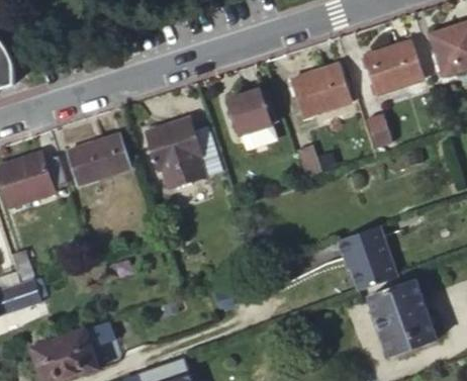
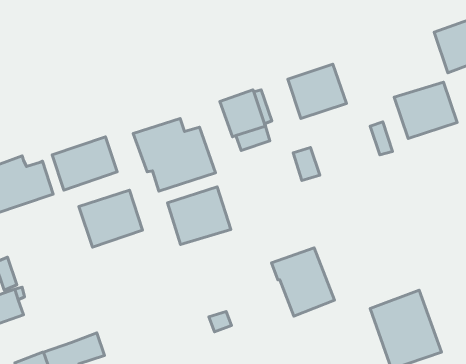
building: [364,40,424,94] -> [394,82,457,139]
building: none -> [168,187,231,245]
building: none -> [79,190,143,247]
building: [336,228,395,293] -> [271,248,334,316]

